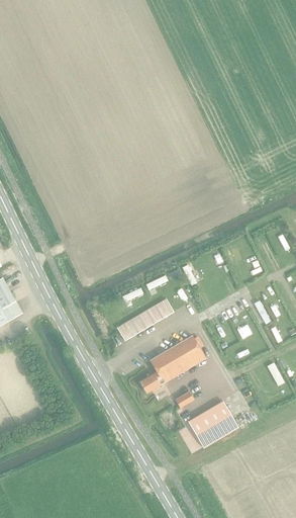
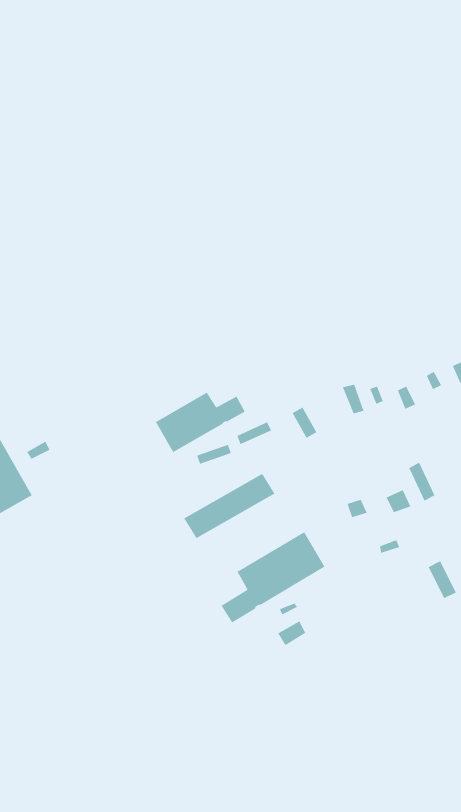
building: none -> [155,392,246,453]
building: [188,401,237,447] -> none

